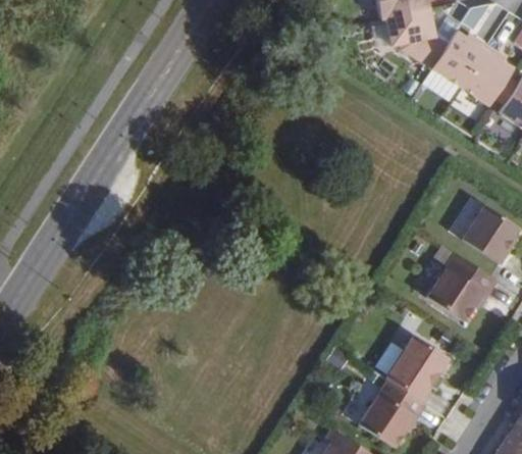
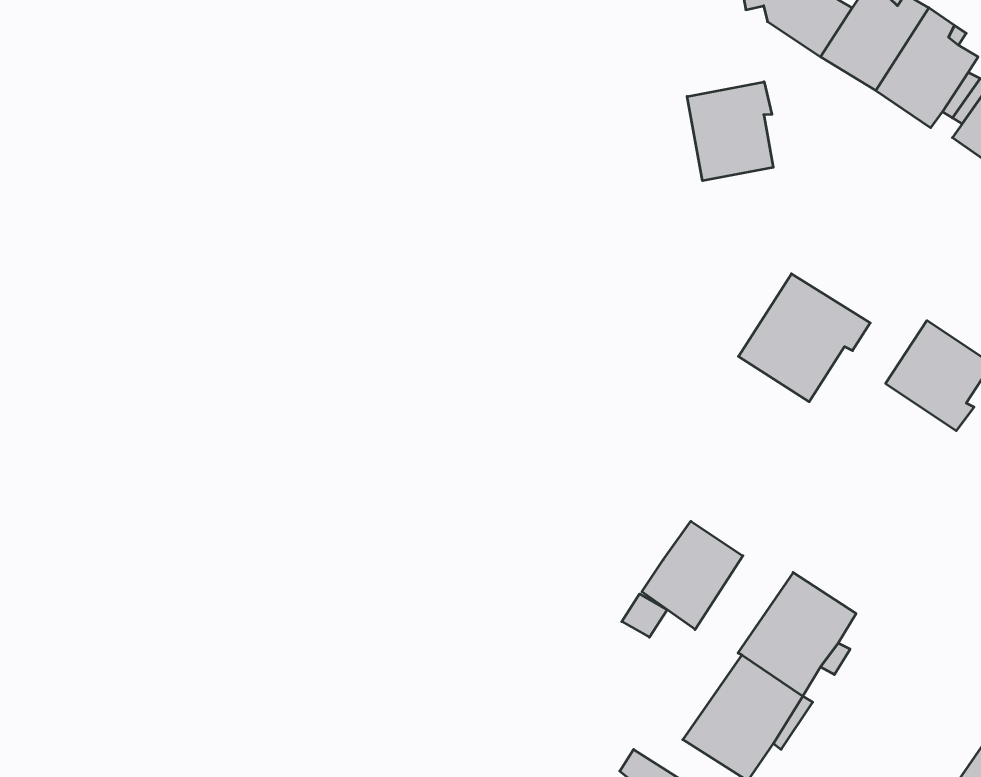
building: none -> [687,82,773,181]
building: [428,253,497,319] -> [738,274,870,402]
building: none -> [642,521,743,630]

